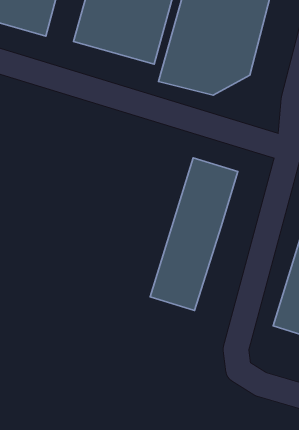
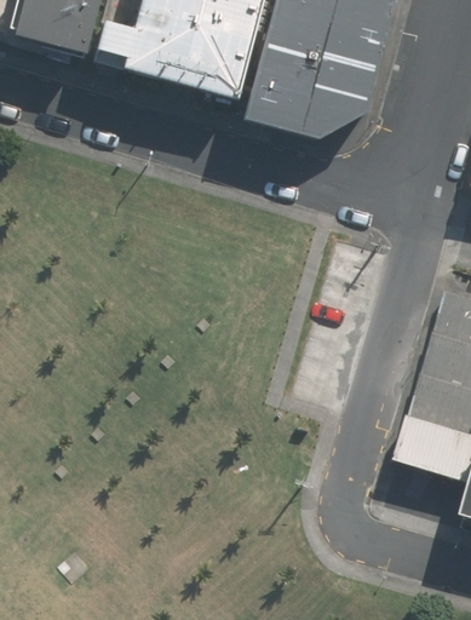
building: [150,158,238,310] -> none

